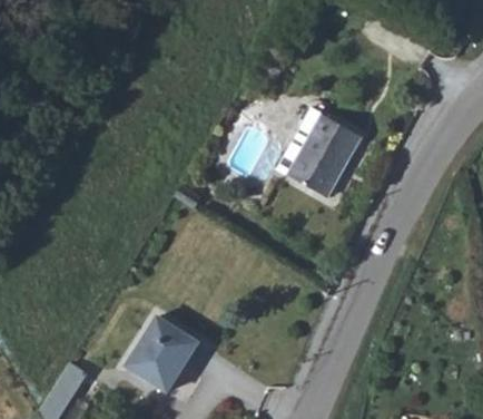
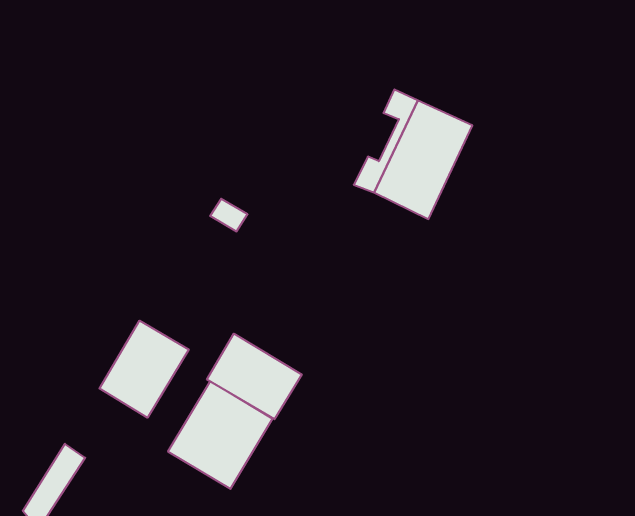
building: none -> [99,321,189,418]
building: none -> [207,334,302,419]

